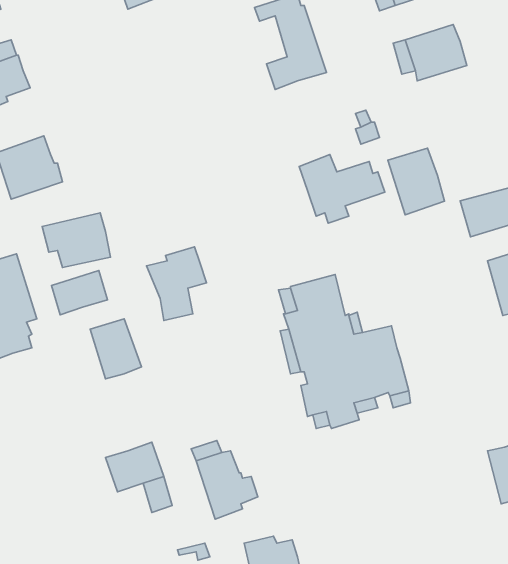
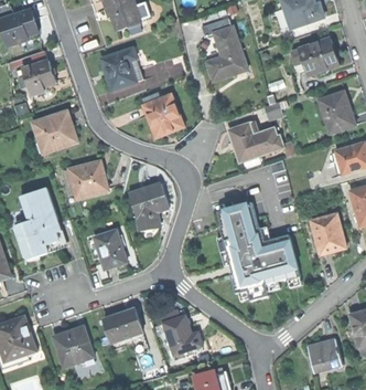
building: none -> [99,48,142,88]
building: none -> [141,94,183,135]
building: [388,148,444,215] -> [319,91,355,134]
building: [51,271,107,315] -> none
building: none -> [310,213,345,255]
building: none -> [53,327,93,366]
building: none -> [309,338,342,368]

